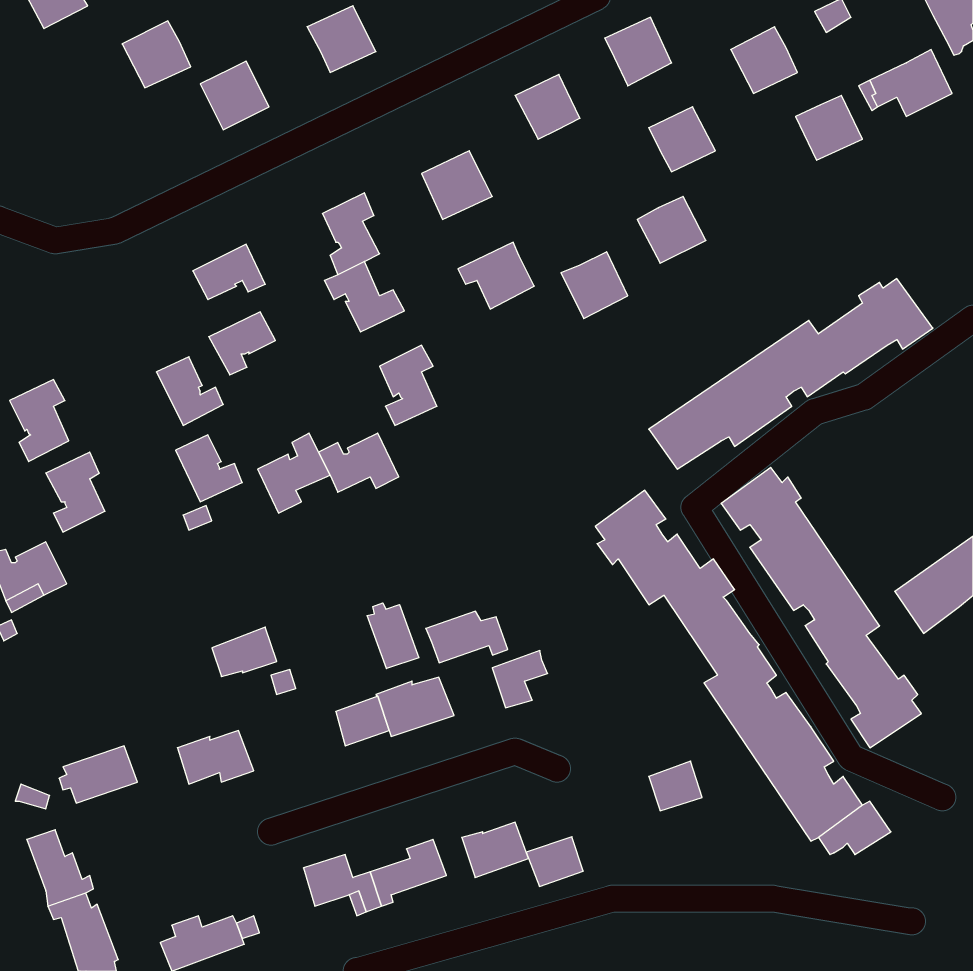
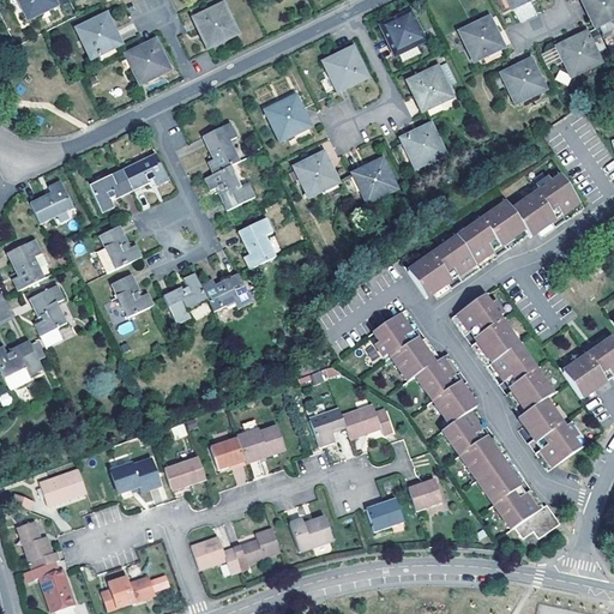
building: none -> [30,180,72,222]
building: [209,312,275,375] -> [89,170,131,210]
building: [367,603,419,669] -> none
building: [426,611,508,663] -> [341,404,392,437]
building: [212,627,277,677] -> [164,457,205,488]
building: [526,837,583,886] -> [366,499,402,530]

